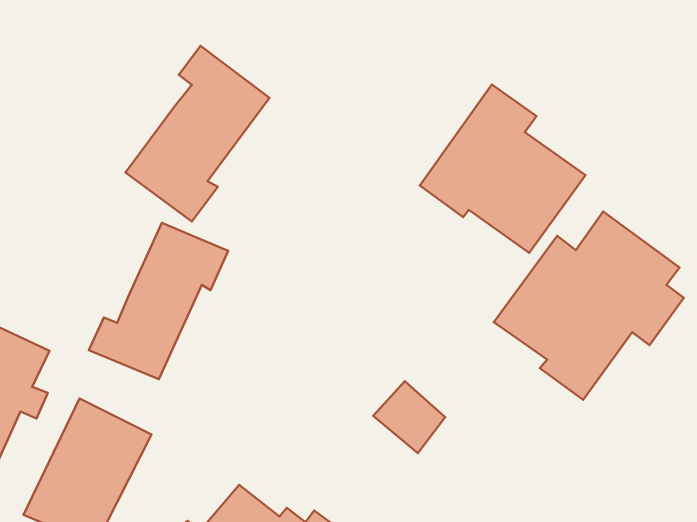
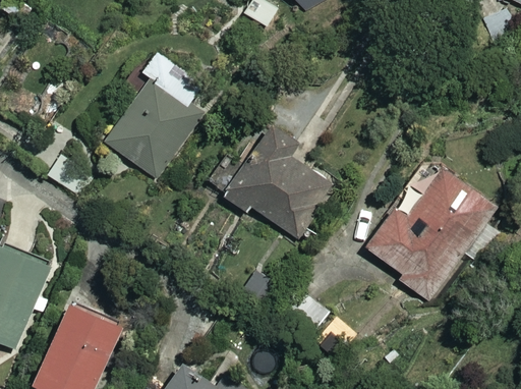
building: [420,85,585,253] -> [223,122,340,241]
building: [89,223,228,379] -> none

